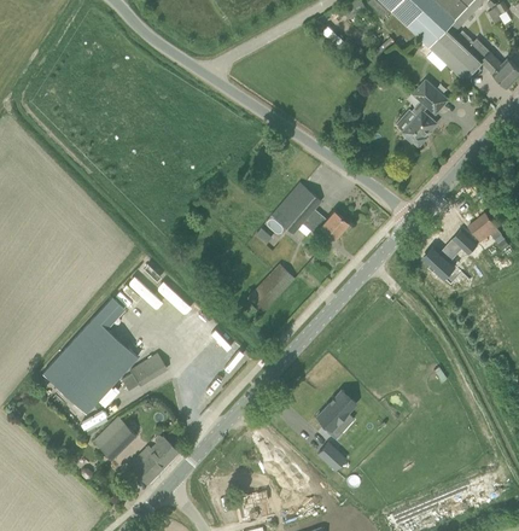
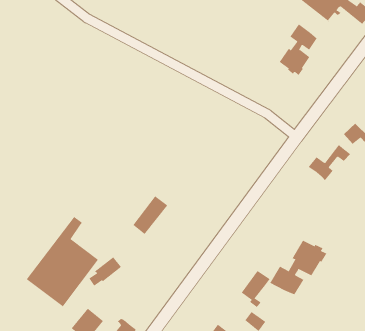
building: [270,182,348,240] -> none
building: [246,264,295,314] -> [132,195,168,235]
building: none -> [269,240,327,295]

